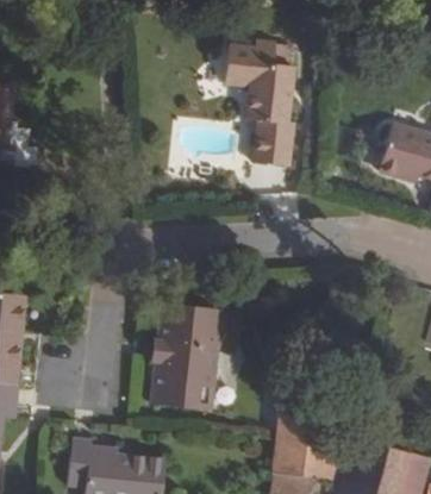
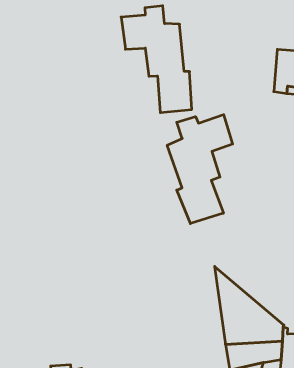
building: none -> [167,115,233,224]
building: [148,305,236,411] -> none

